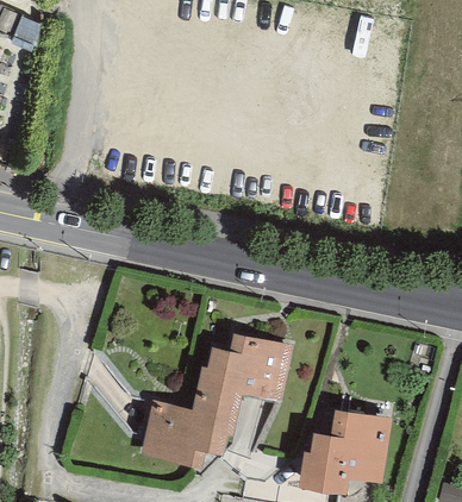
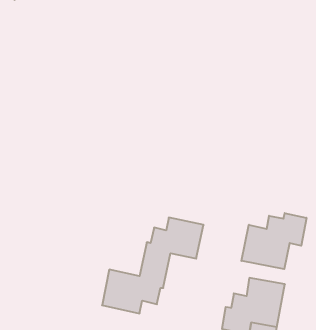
building: none -> [241,213,306,269]

